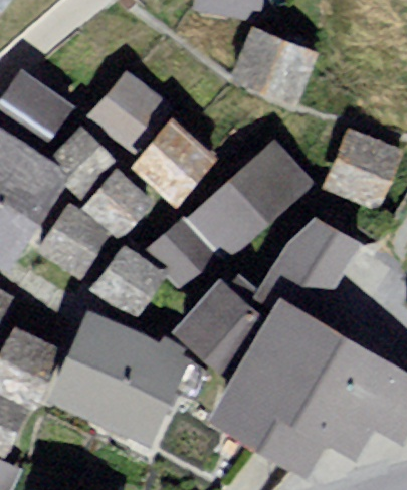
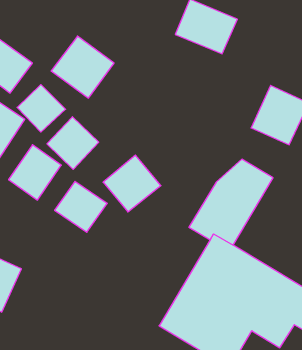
building: [132,120,211,200] -> none
building: [190,143,304,250] -> none
building: [177,279,260,363] -> none
building: [51,315,185,440] -> none

